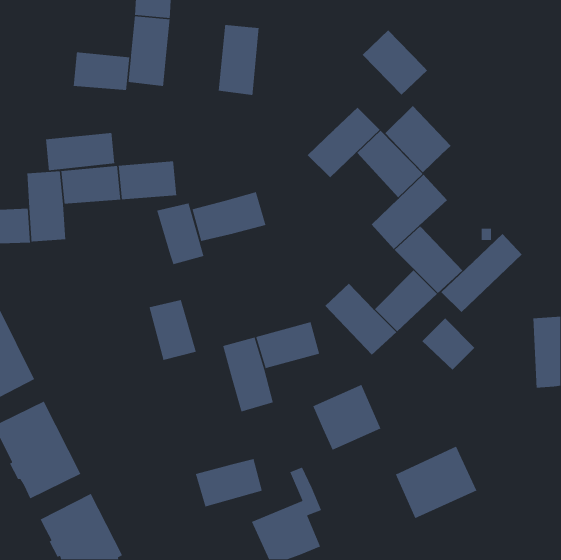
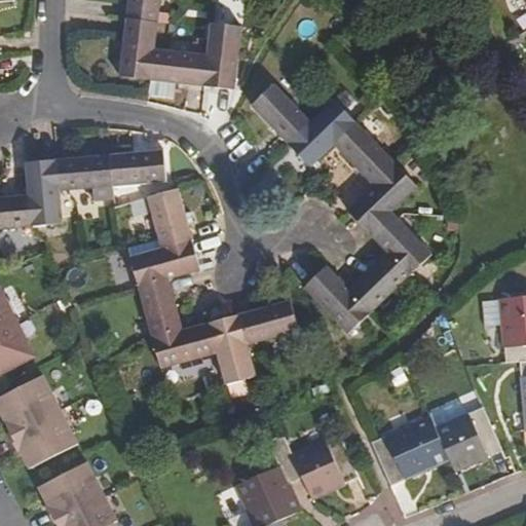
building: [362,30,428,96] -> [250,83,311,145]
building: [73,51,130,91] -> [153,48,206,85]
building: [385,105,451,173] -> none
building: [45,132,115,171] -> none
building: [192,191,266,242] -> [130,239,200,287]
building: [440,233,523,313] -> none
building: [421,318,475,370] -> none
building: [312,384,382,451] -> [292,435,356,497]
building: none -> [431,409,497,474]
building: [195,458,263,508] -> [152,323,216,369]

